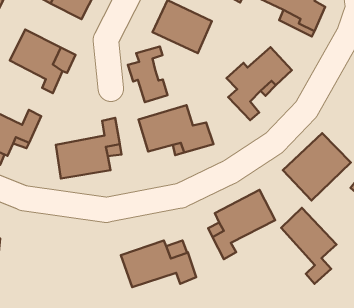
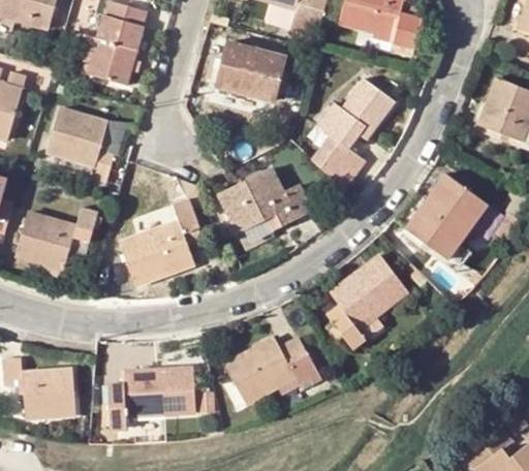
building: [128,47,168,102] -> none
building: [281,208,337,284] -> none
building: none -> [102,368,194,429]

